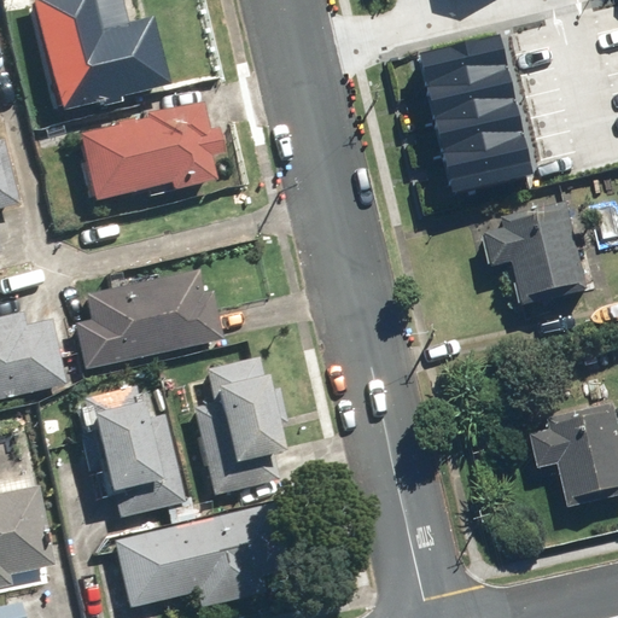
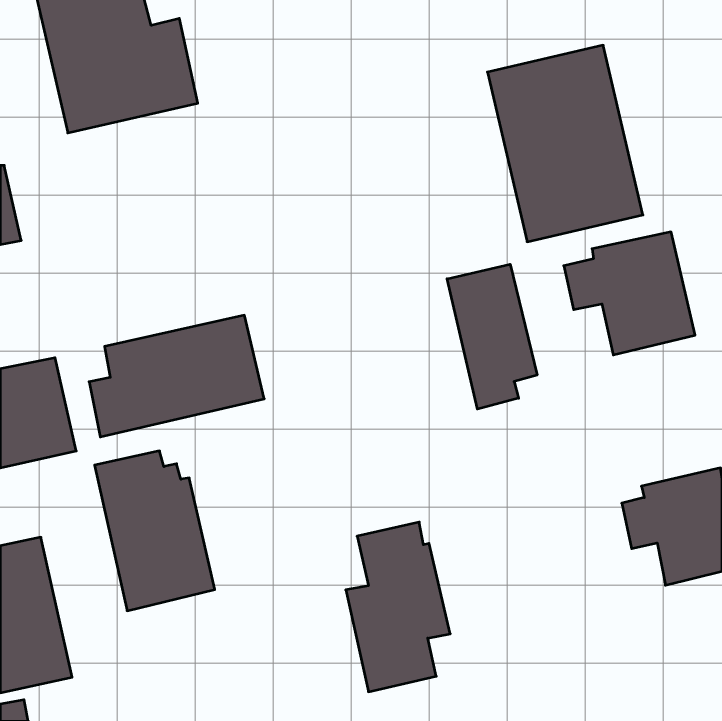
building: [80,100,227,202] -> none
building: none -> [447,264,537,409]
building: [194,352,284,497] -> [346,522,450,692]
building: [112,503,281,607] -> none

